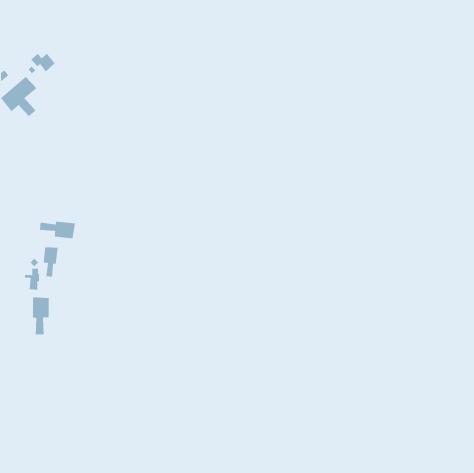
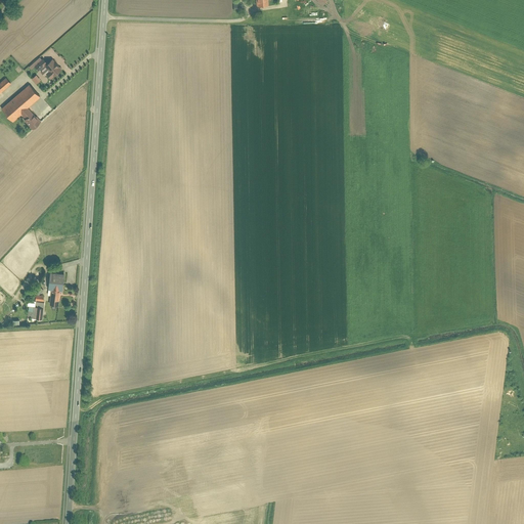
building: [39,221,75,239] -> none
building: [32,297,49,335] -> none

